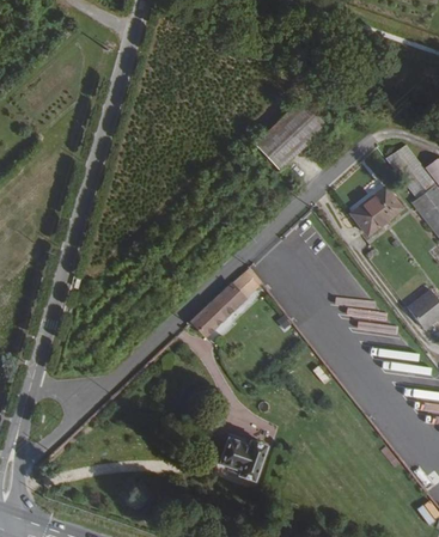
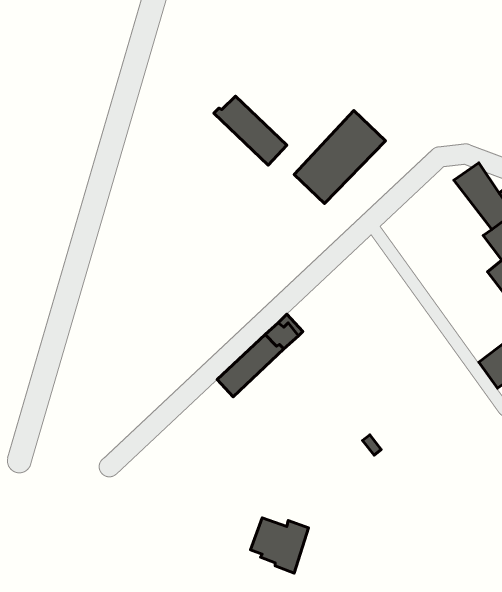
building: none -> [214,96,287,165]
building: [353,185,402,233] -> none

